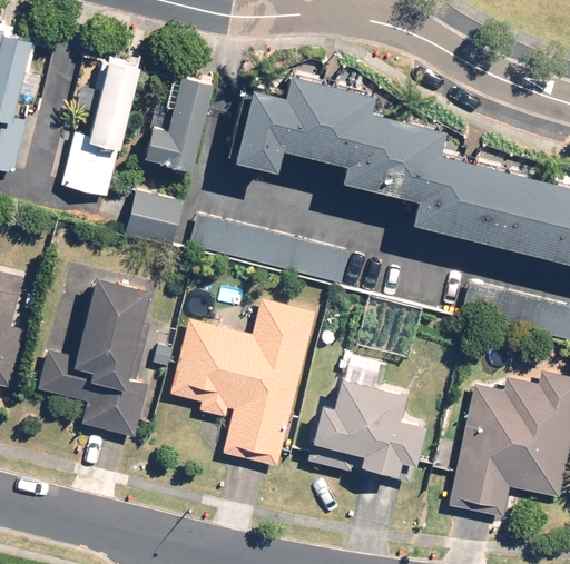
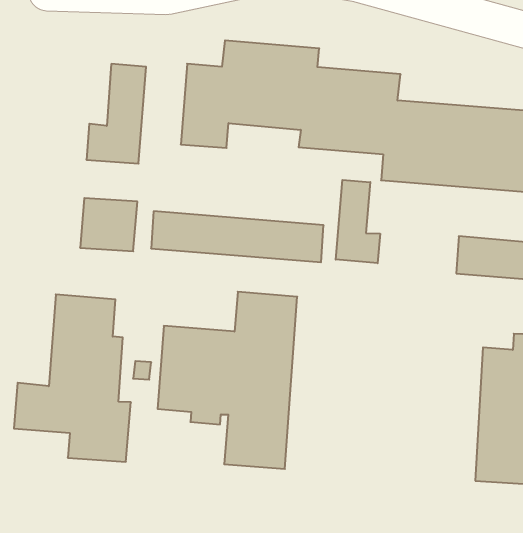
building: [62,61,137,199] -> none
building: none -> [336,180,380,263]
building: [311,359,423,476] -> none

